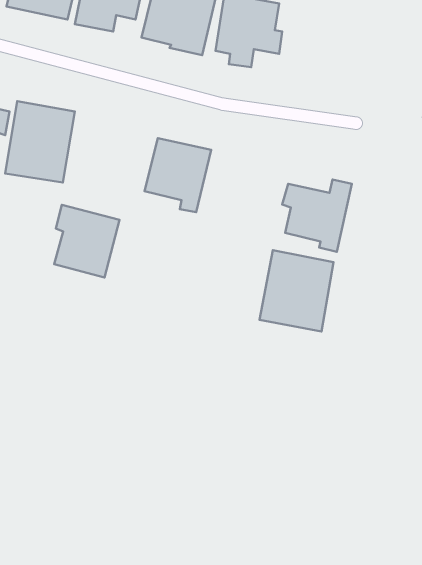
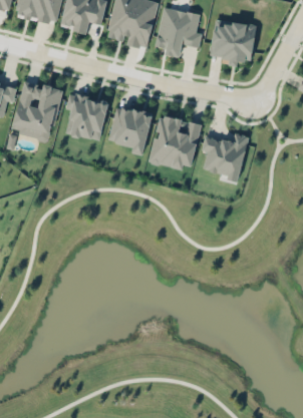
building: none -> [210,19,256,67]
building: [54,205,119,277] -> [64,93,108,142]
building: [259,250,334,332] -> [149,115,200,170]

